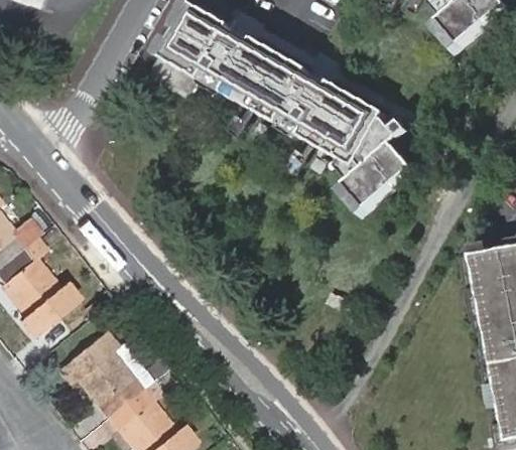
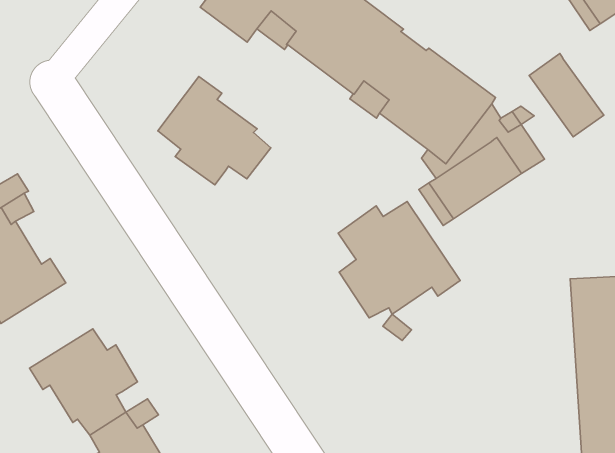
building: none -> [529,54,604,137]
building: none -> [158,76,271,185]
building: none -> [338,202,460,318]

